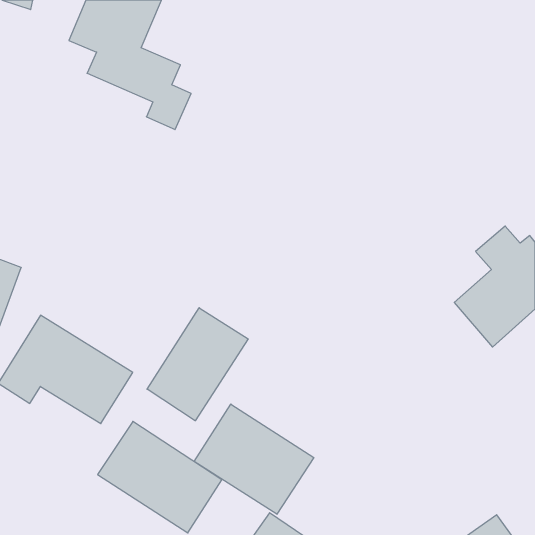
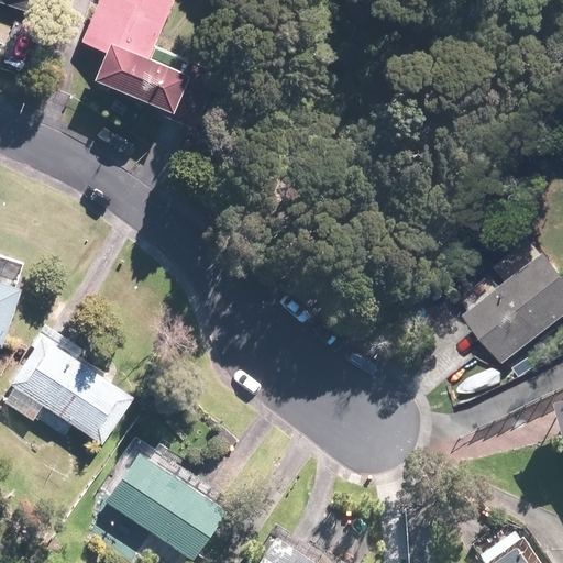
building: [147,308,248,421] -> none
building: [194,404,314,514] -> none

